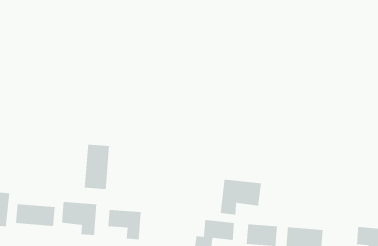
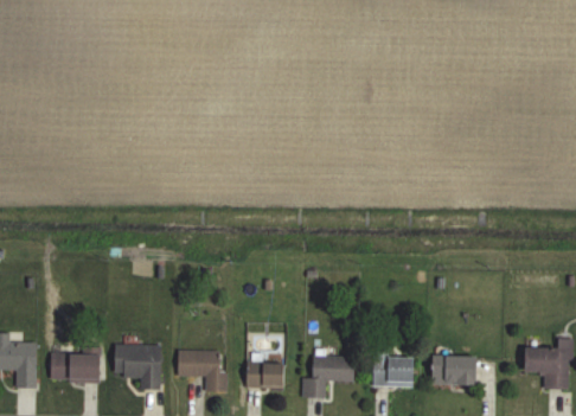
building: [84,144,110,190] -> none
building: [220,179,262,216] -> none
building: none -> [247,361,287,388]

